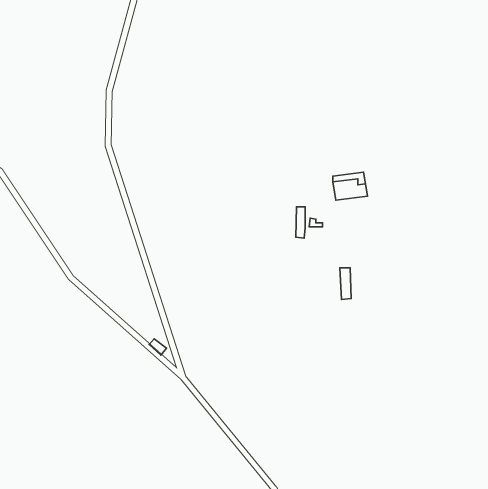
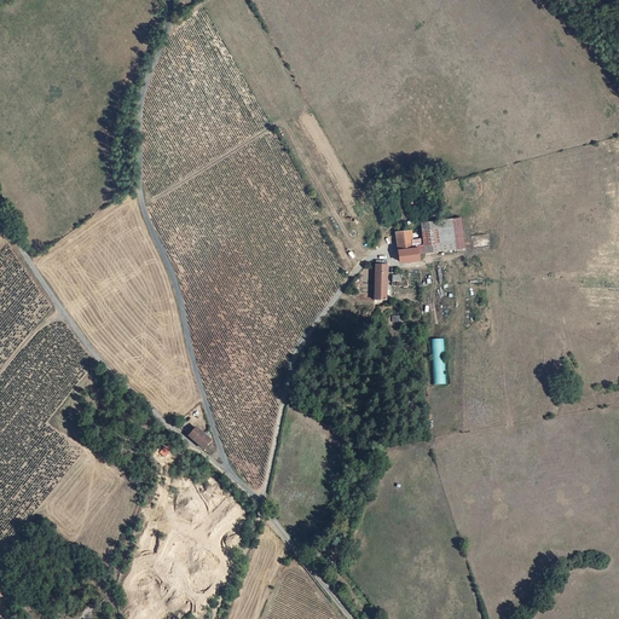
building: none -> [395,230,423,262]

